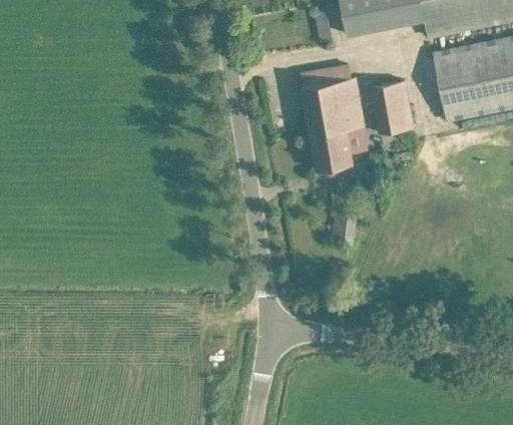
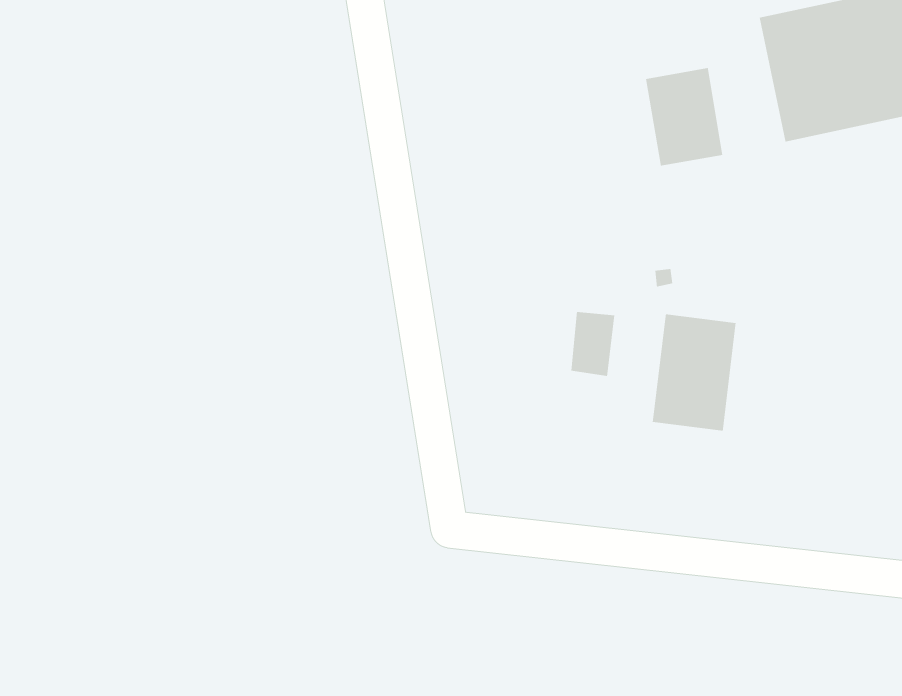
building: [302,64,365,170] -> none
building: none -> [652,313,736,431]

